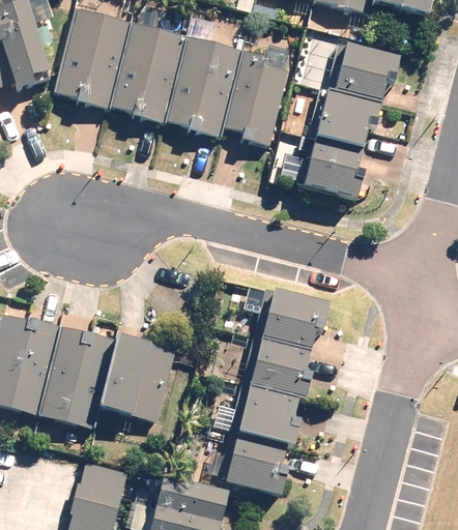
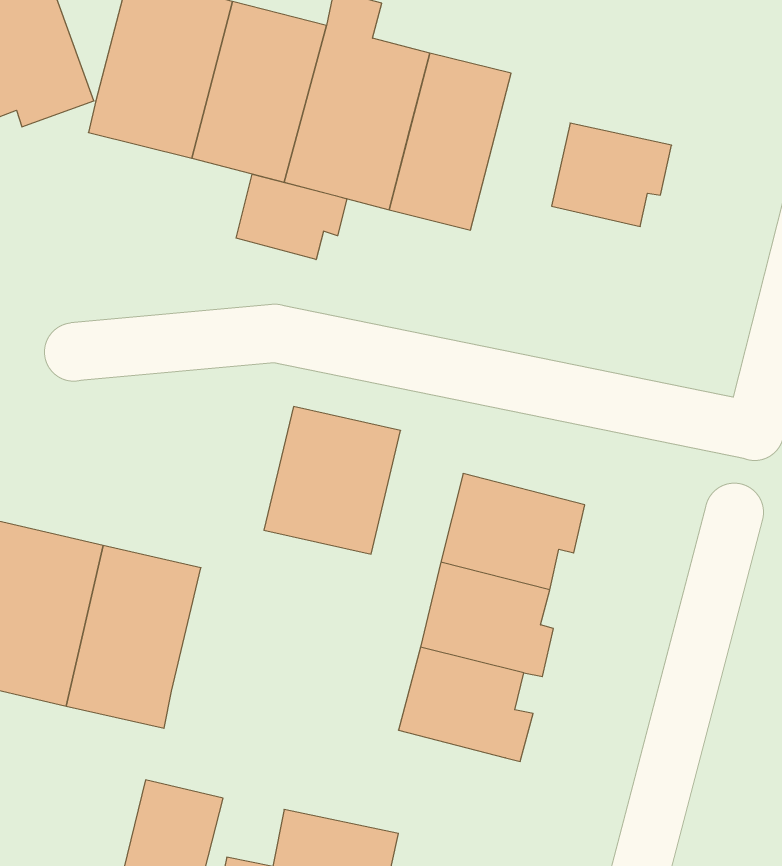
building: [323,39,404,101] -> none
building: none -> [236,174,347,260]
building: [302,142,367,196] -> none
building: [99,338,176,421] -> [264,407,401,554]
building: [216,430,291,495] -> none

